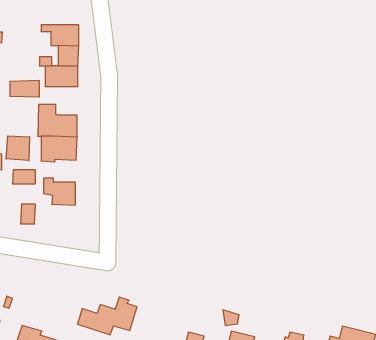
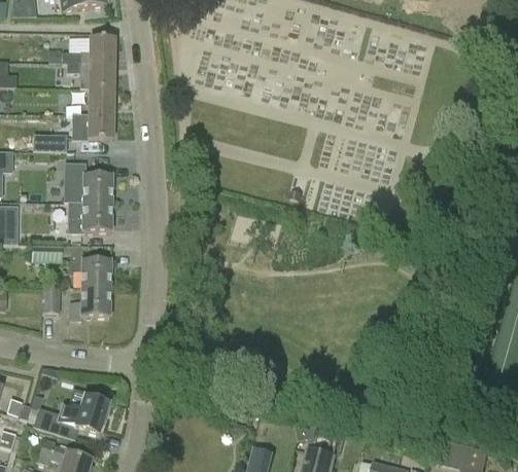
building: none -> [63,37,116,62]
building: [6,136,30,161] -> none
building: none -> [70,287,111,319]
building: [77,297,137,335] -> [34,392,109,439]

